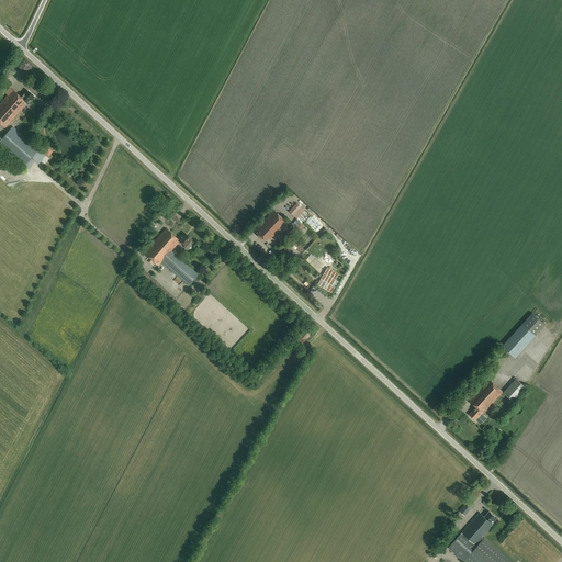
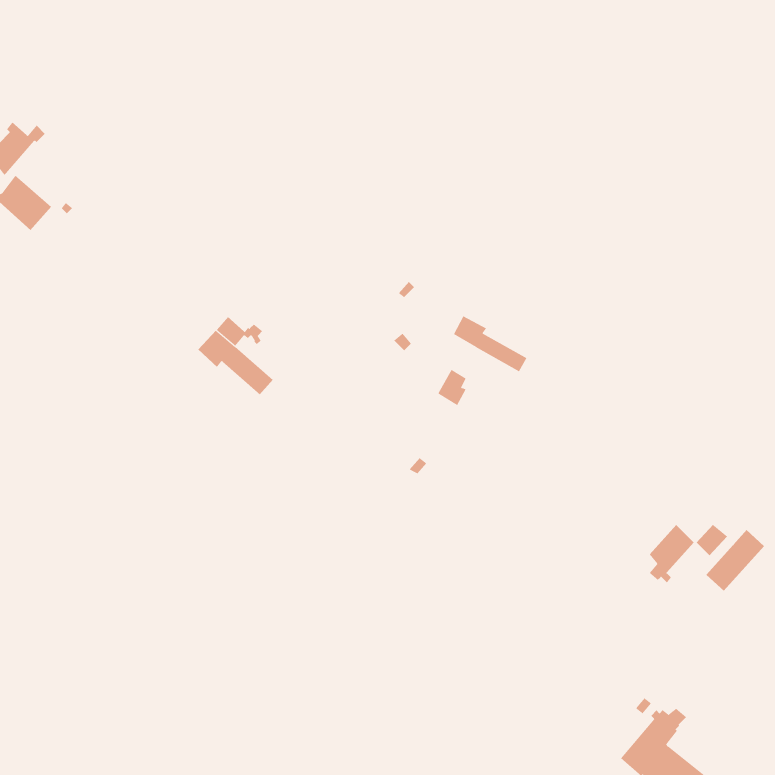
building: [255,212,285,243] -> none
building: none -> [453,316,527,372]
building: [502,314,544,359] -> [705,529,765,592]

